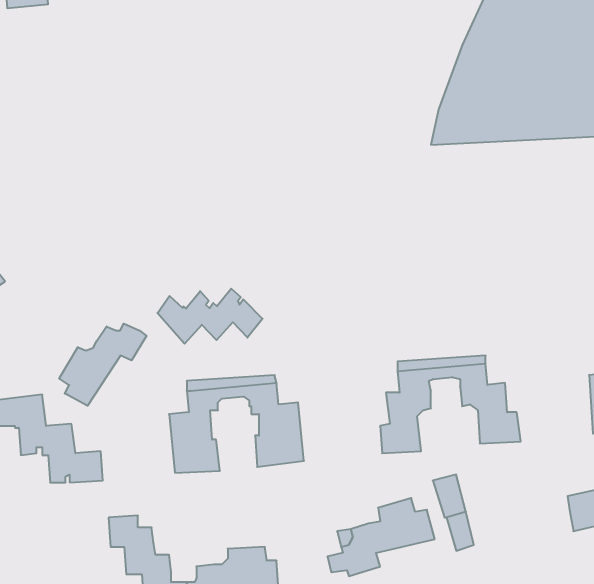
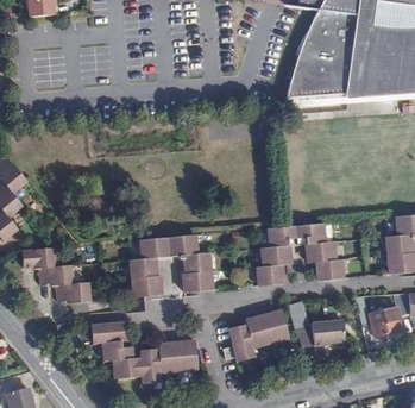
building: [157,289,263,344] -> none
building: [59,324,147,406] -> none
building: none -> [314,318,347,344]

